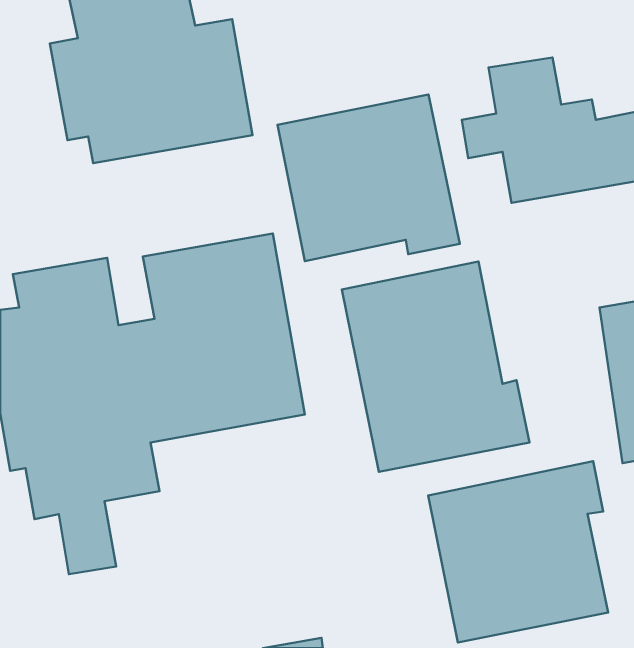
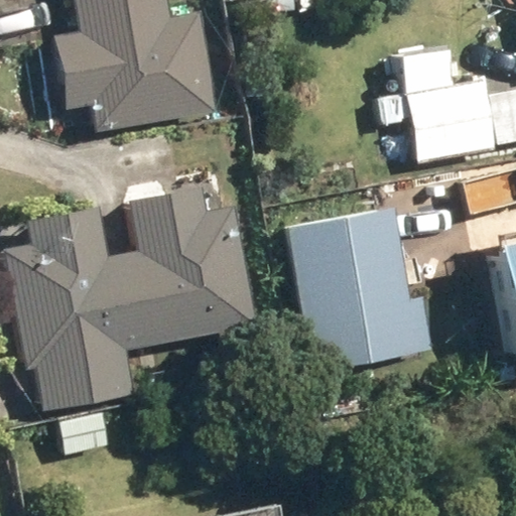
building: [278,94,460,261] -> none
building: [428,461,608,643] -> none

